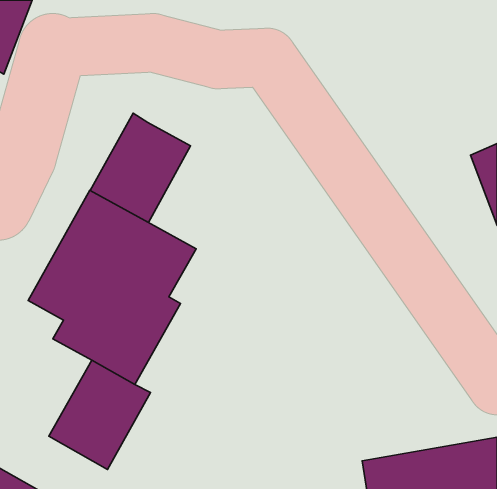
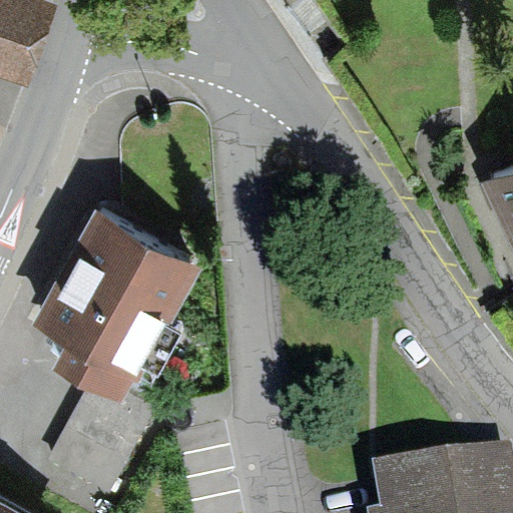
building: [90,113,191,222] -> none

